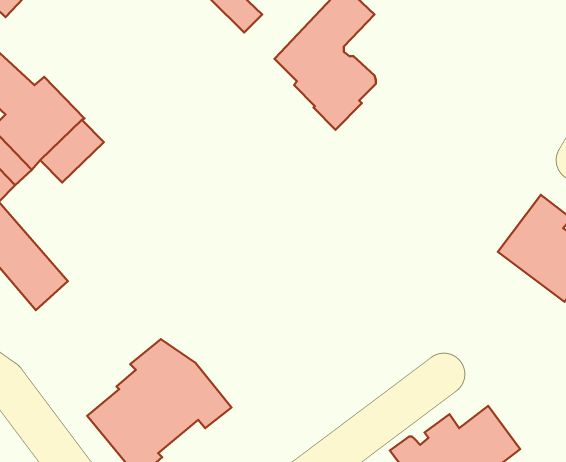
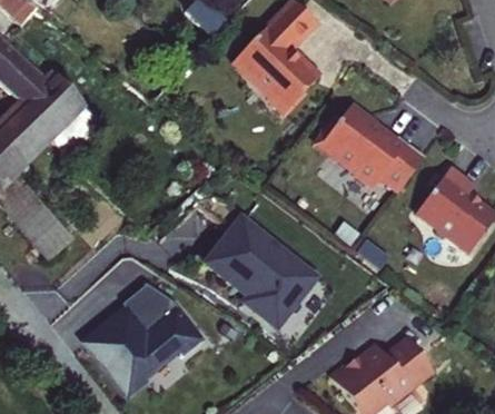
building: none -> [317,104,426,190]
building: none -> [205,216,316,327]

